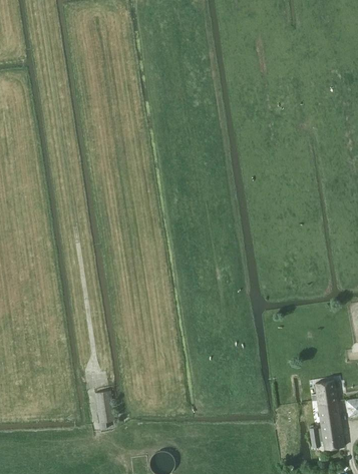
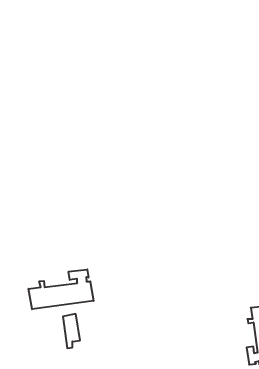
building: none -> [29,269,94,309]

